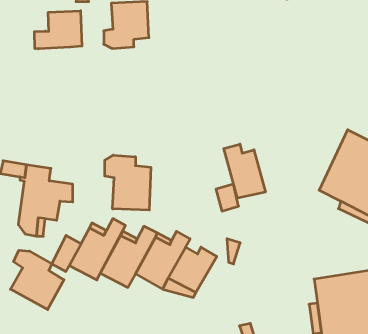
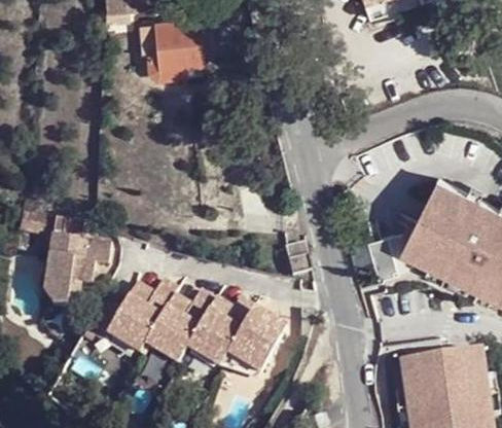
building: [34,11,82,49] -> none
building: [224,144,265,198] -> none
building: [105,155,151,210] -> none
building: [10,250,64,310] -> none

